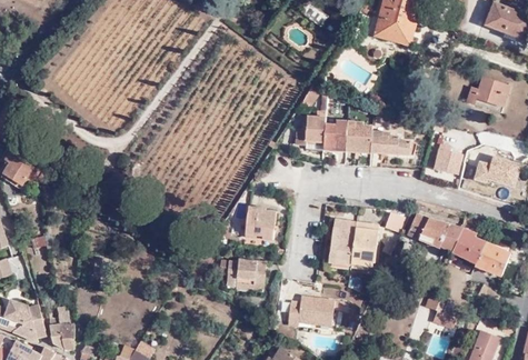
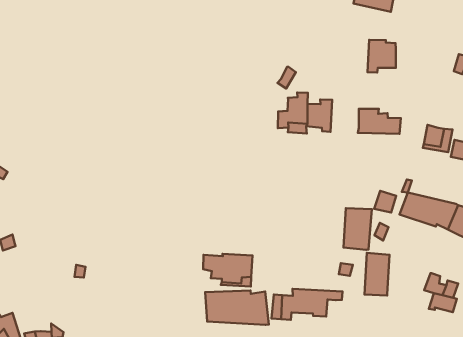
building: [346,122,373,153] -> [367,40,396,73]
building: [246,207,276,241] -> none
building: [330,221,356,262] -> [365,253,390,296]
building: none -> [205,291,269,325]

